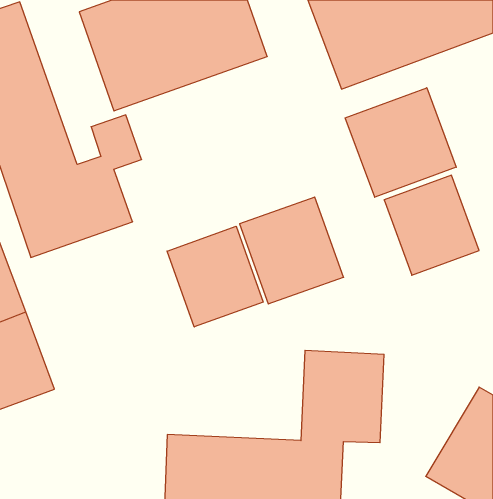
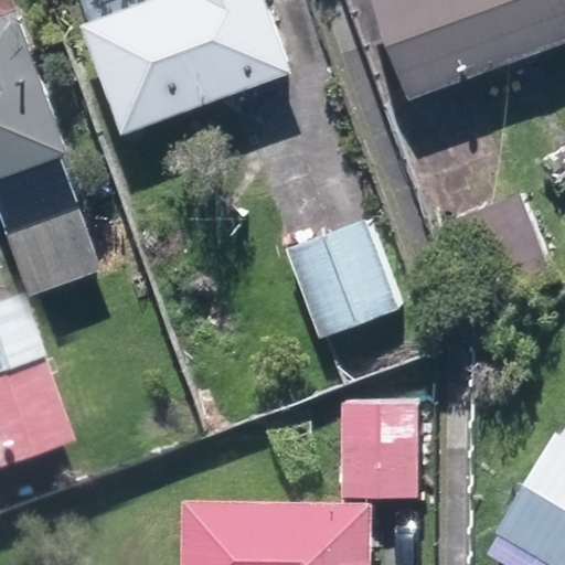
building: [345,88,456,197] -> none
building: [167,226,263,327] -> none

